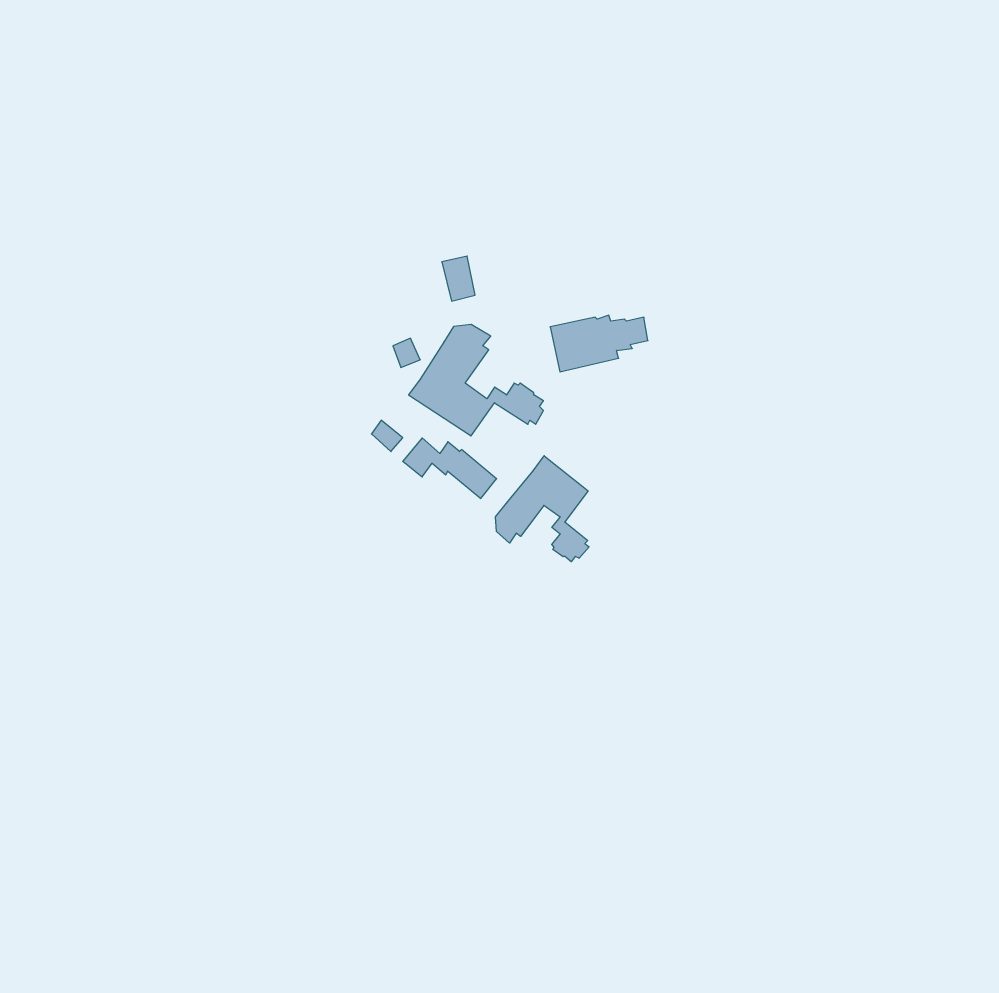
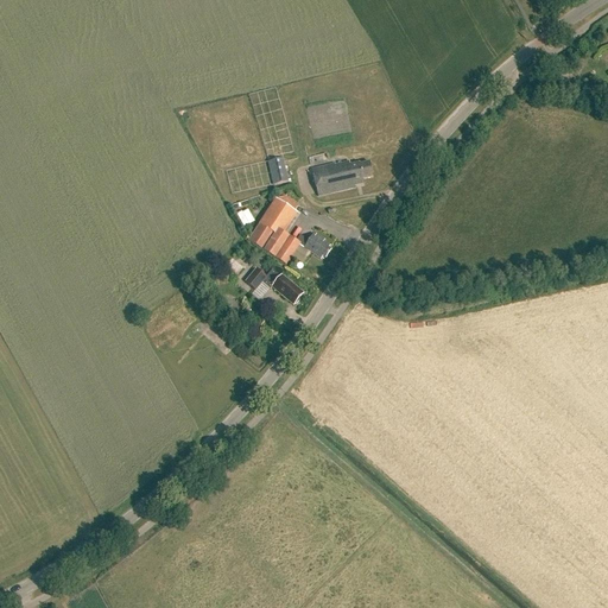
building: [550,315,648,372] -> [310,160,369,195]
building: [495,456,589,562] -> none

